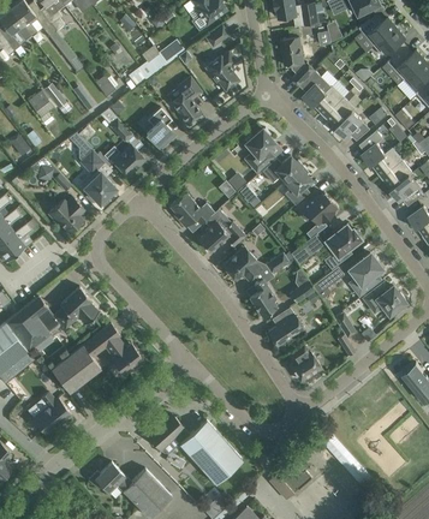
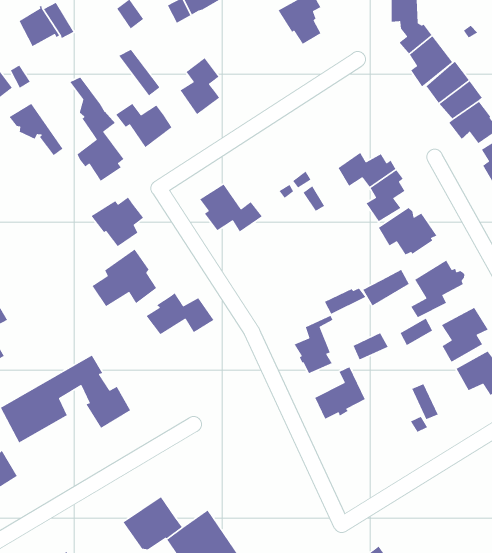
building: [172,77,202,124] -> none
building: [245,129,275,173] -> none
building: [48,197,85,233] -> [91,197,144,247]
building: [198,221,246,252] -> [146,292,215,335]
building: [222,247,261,281] -> none
building: [53,287,99,330] -> [91,248,157,307]
building: [288,345,322,381] -> none

